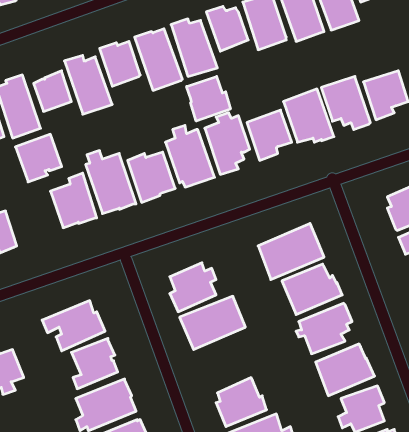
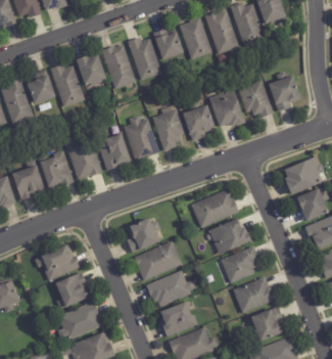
building: [187,76,230,121] -> none
building: [15,134,62,182] -> [10,166,44,200]
building: none -> [146,269,195,306]

